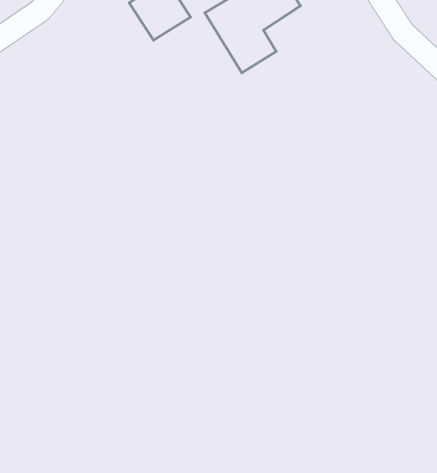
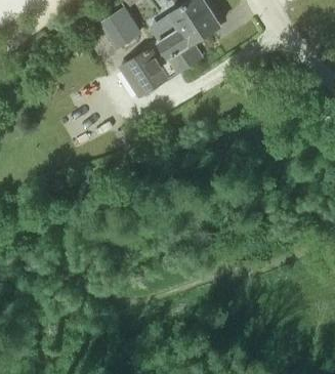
building: none -> [119,45,171,97]

